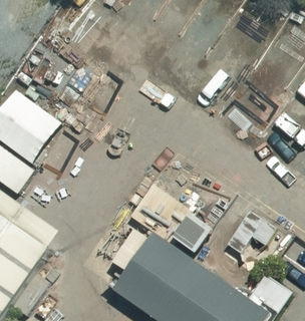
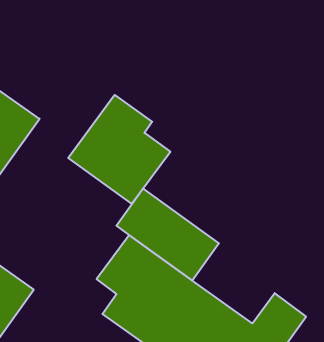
building: none -> [68,95,170,204]

